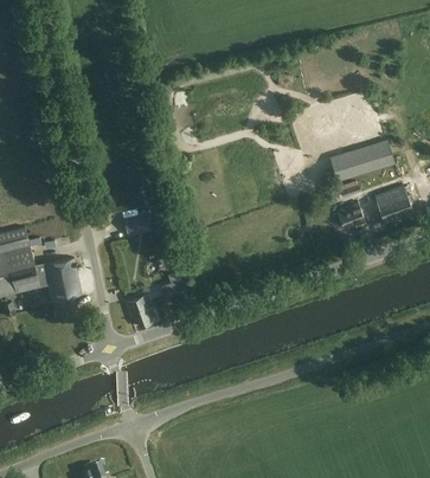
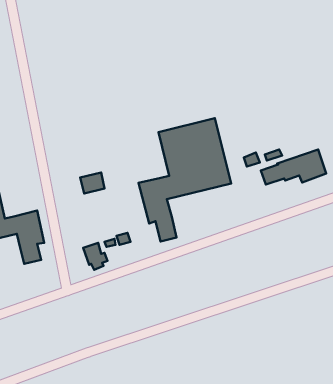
building: [332,142,394,179] -> none
building: none -> [138,118,231,242]

